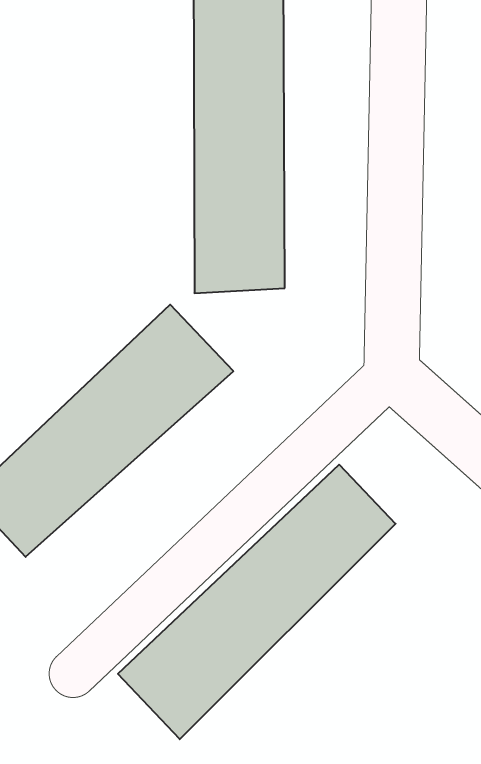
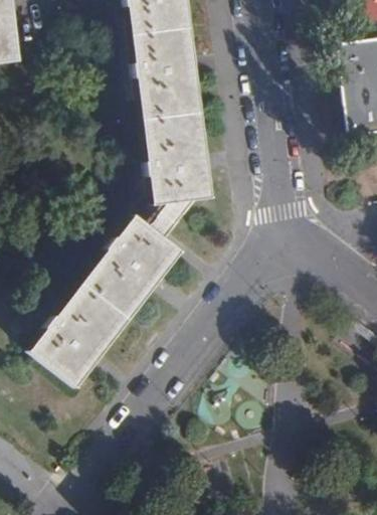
building: [118,465,396,739] -> none

